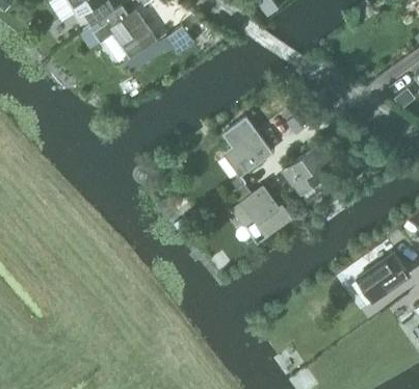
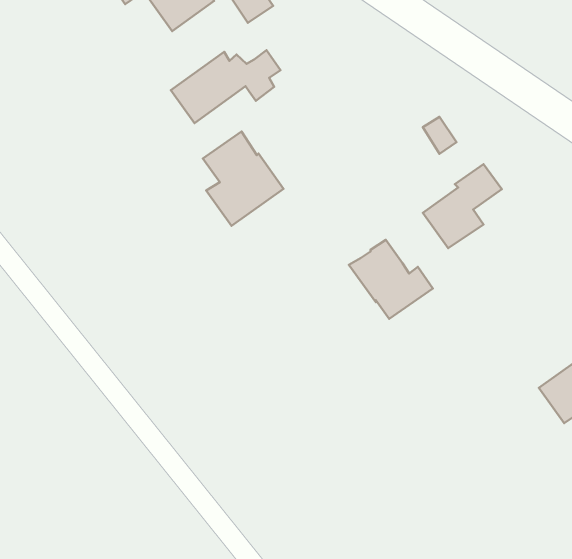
building: none -> [171,50,280,123]
building: [222,118,272,176] -> [203,132,284,226]

